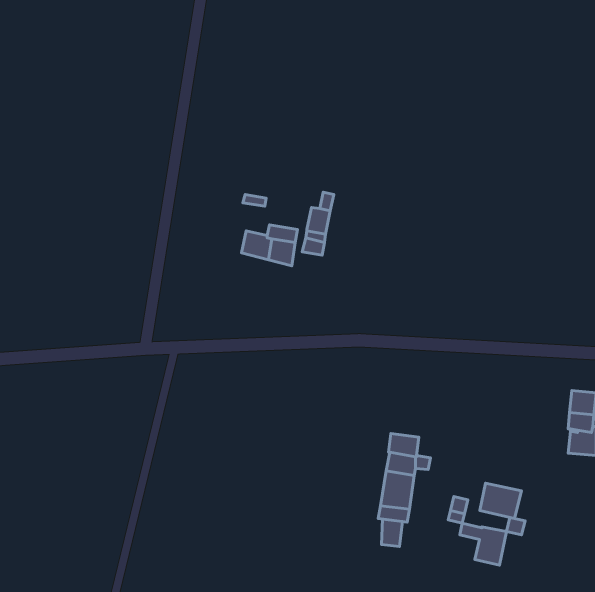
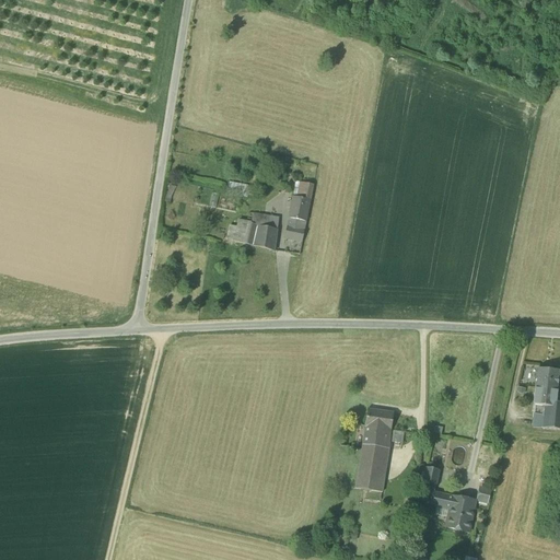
building: [480,483,522,518] -> none
building: [381,519,403,546] -> none

